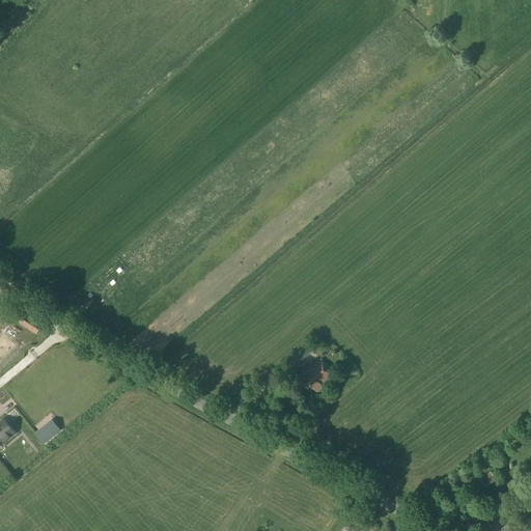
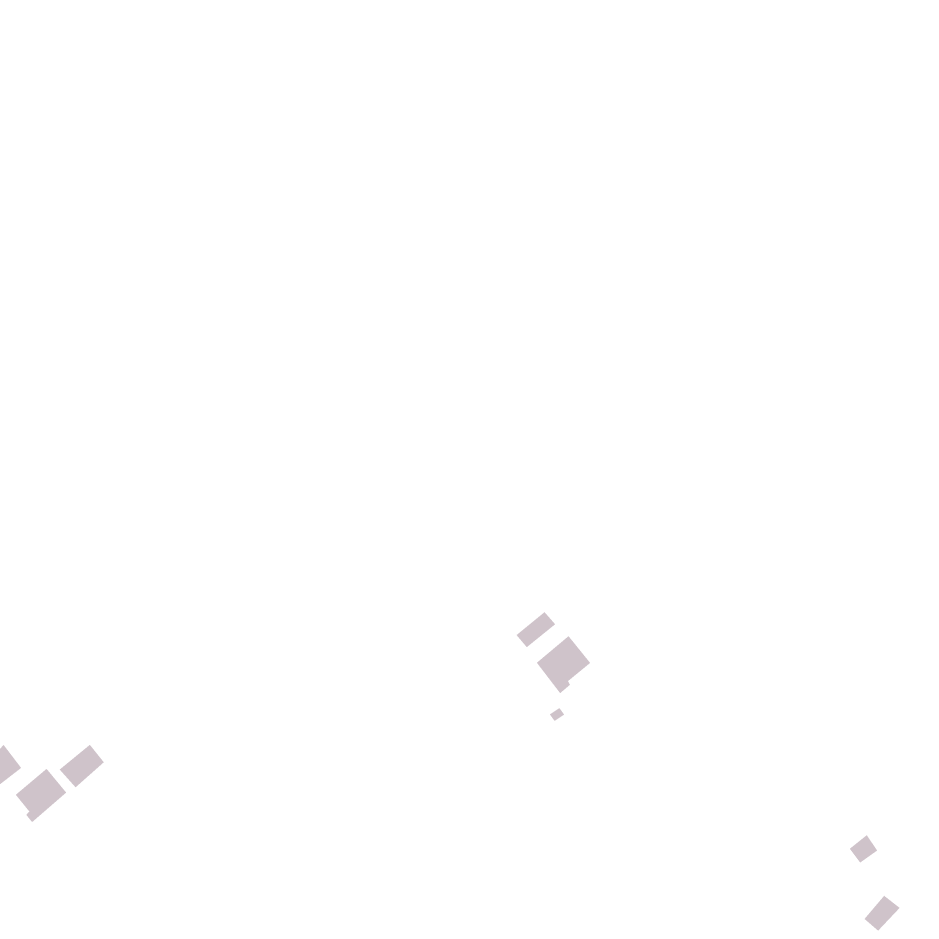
building: none -> [15,768,67,823]

